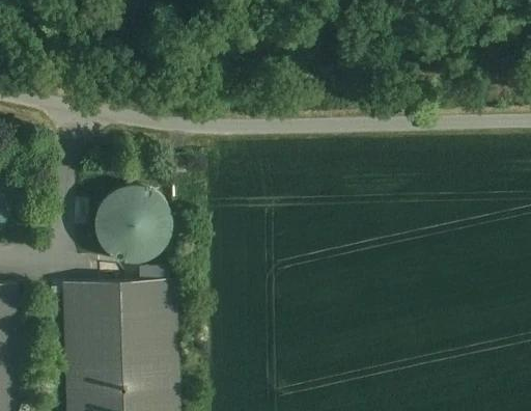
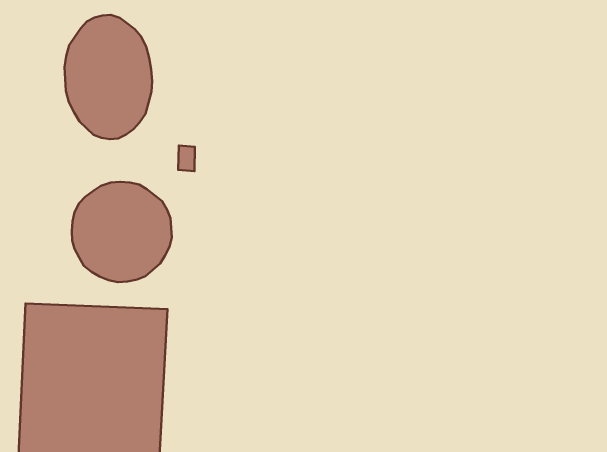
building: none -> [64,15,152,139]

